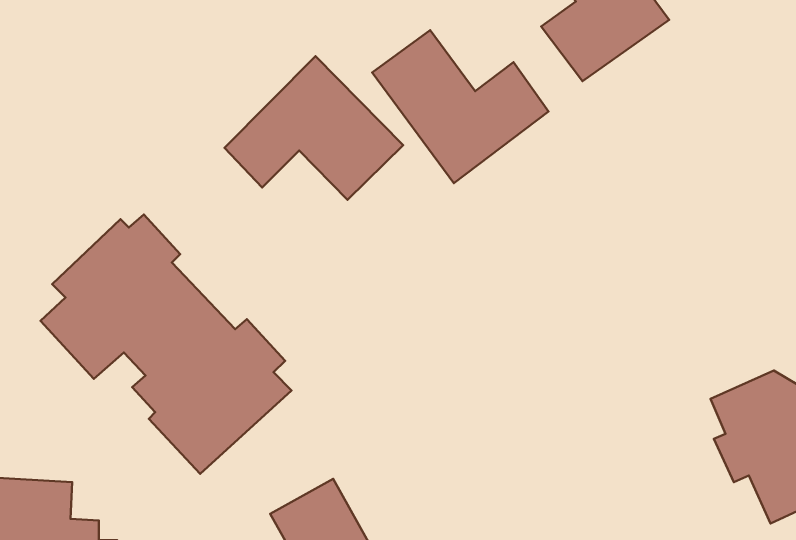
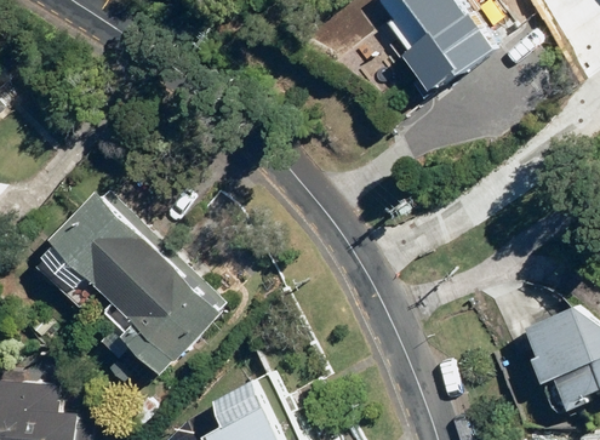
building: [372,30,549,183] -> none
building: [225,56,403,200] -> none

